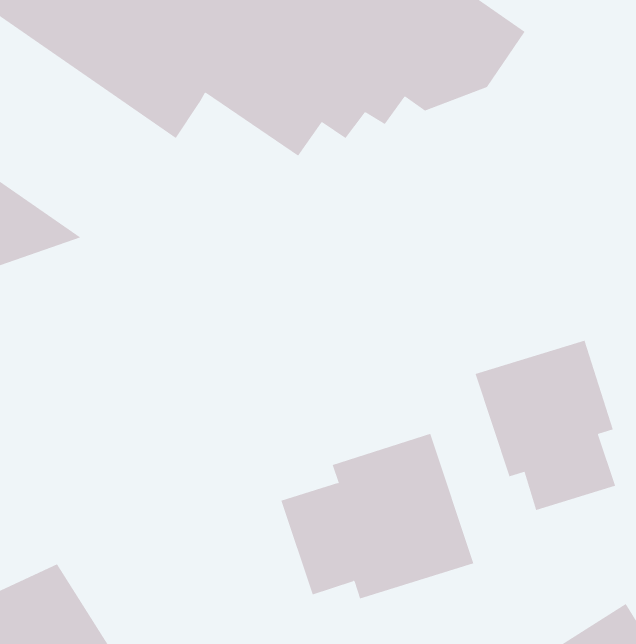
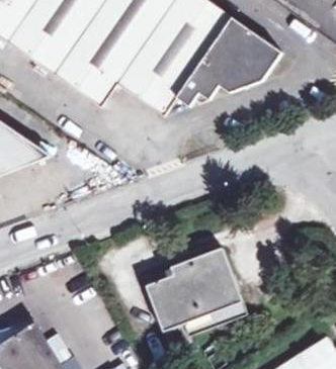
building: [475,340,616,511] -> none

